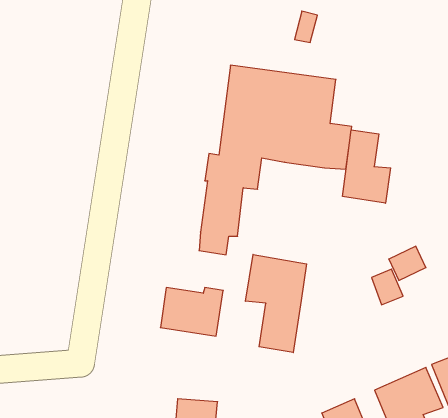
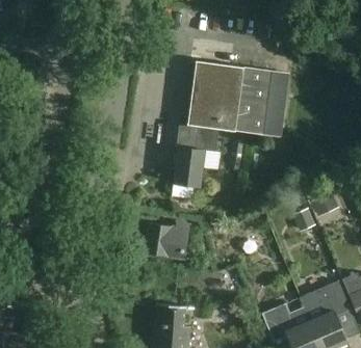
building: [343,130,391,203] -> none
building: [245,254,307,353] -> none

